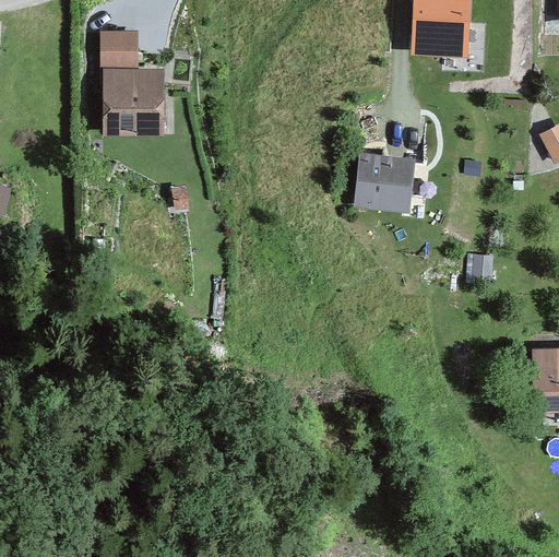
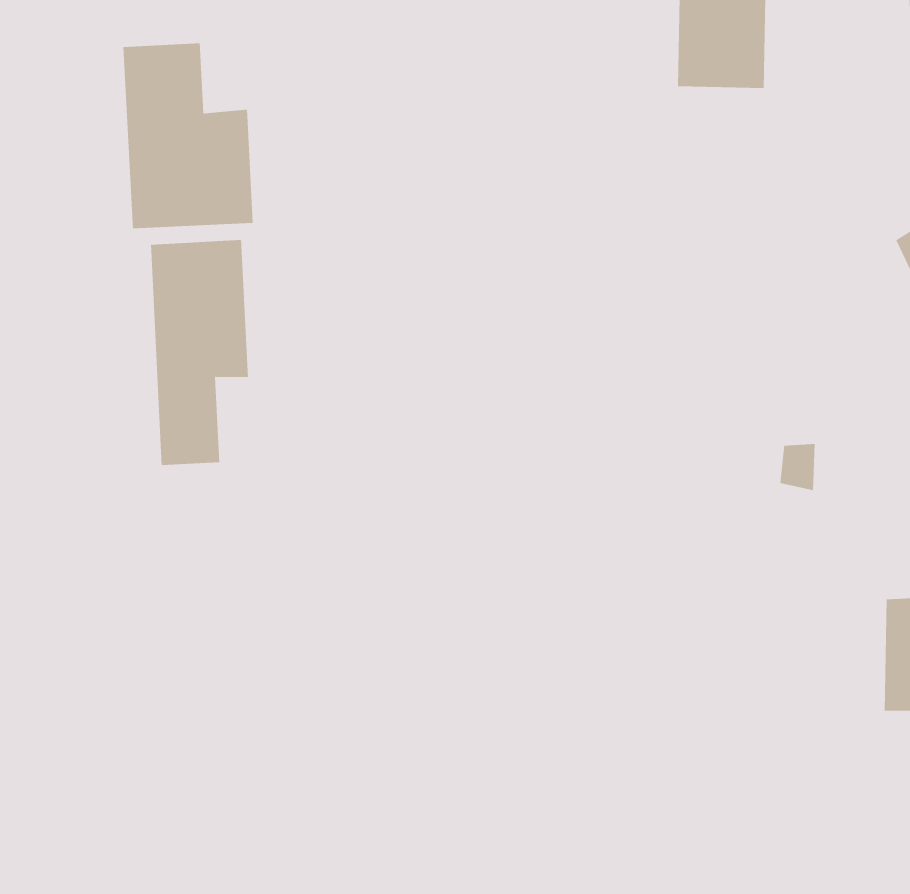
building: none -> [150,239,249,466]
building: [356,153,419,209] -> none

